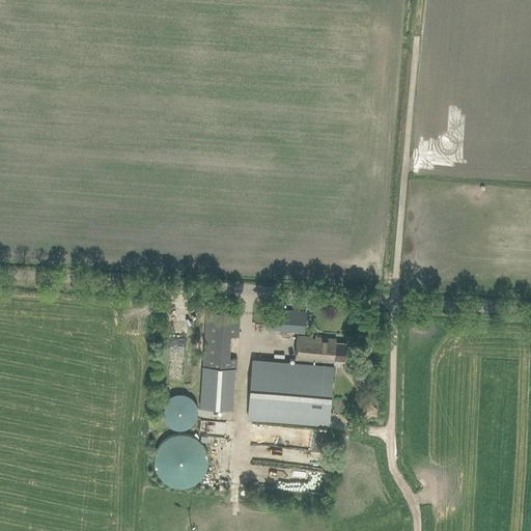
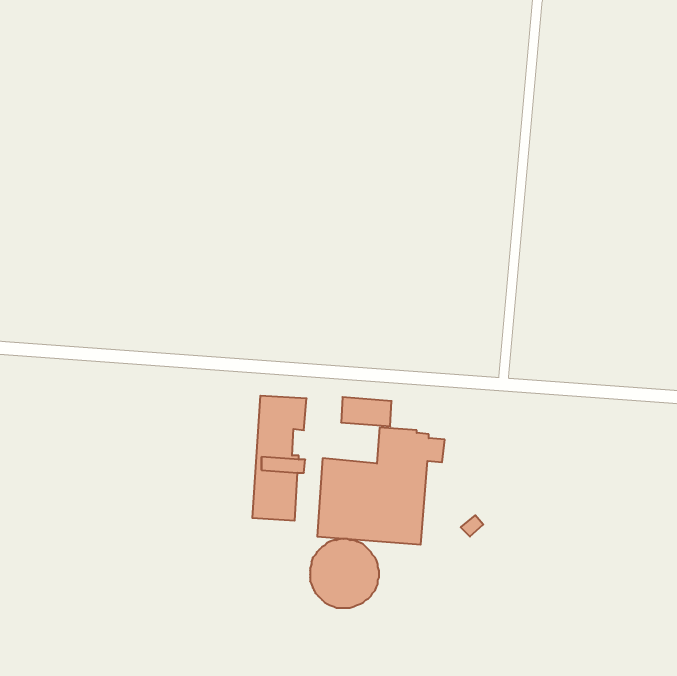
building: [163,395,199,431] -> none
building: [156,436,209,490] -> [310,539,379,608]

